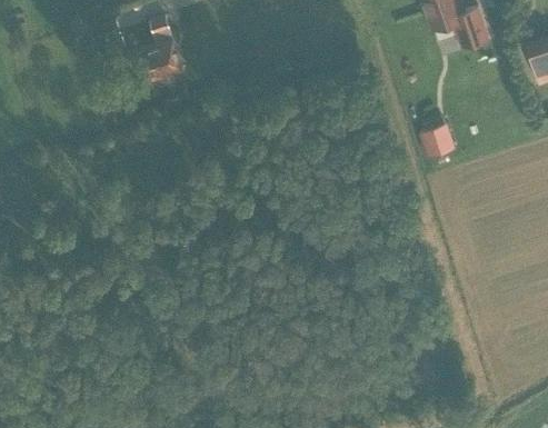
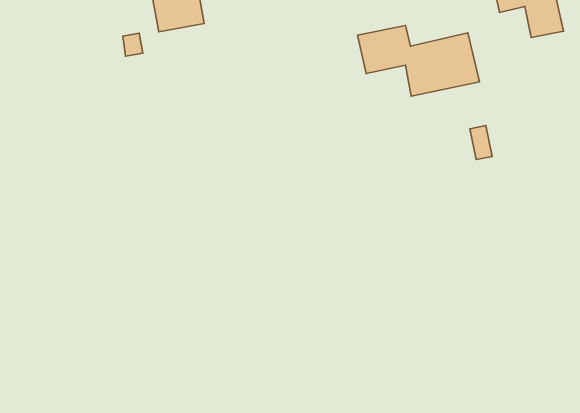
building: none -> [358,26,479,96]

